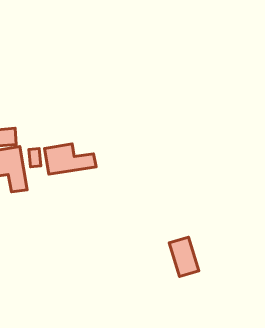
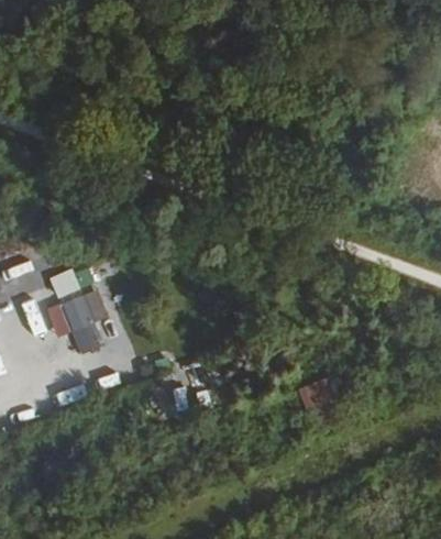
building: [45,144,96,174] -> none

